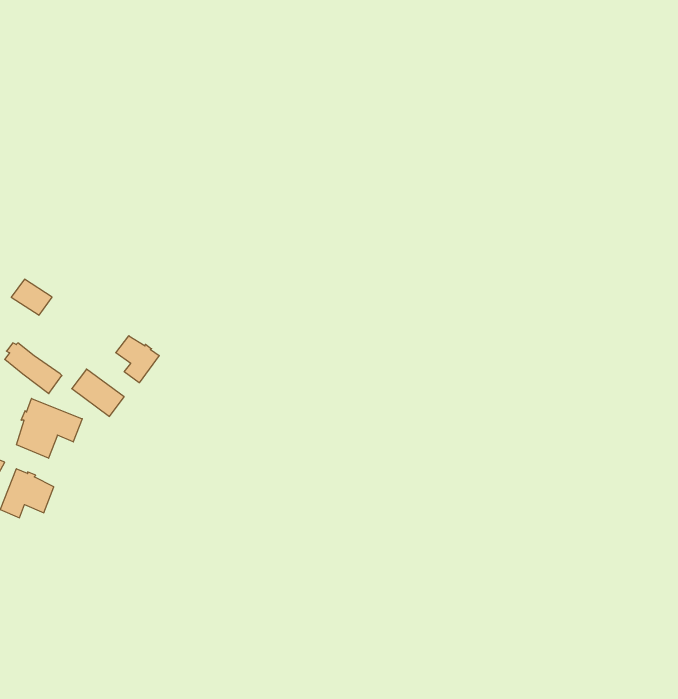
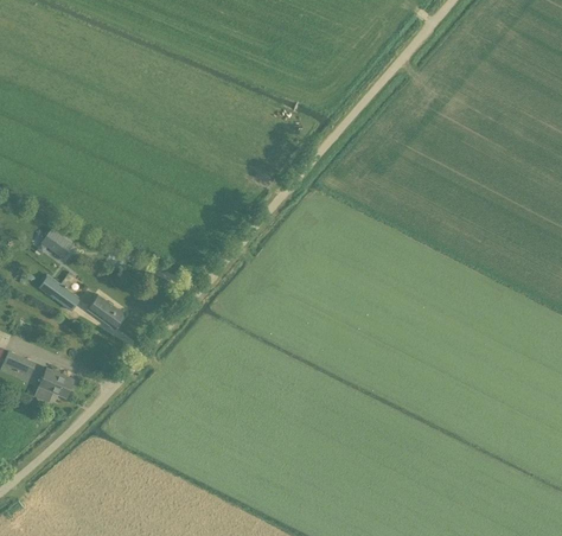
building: [116,336,159,383] -> none
building: [17,398,82,458] -> none

